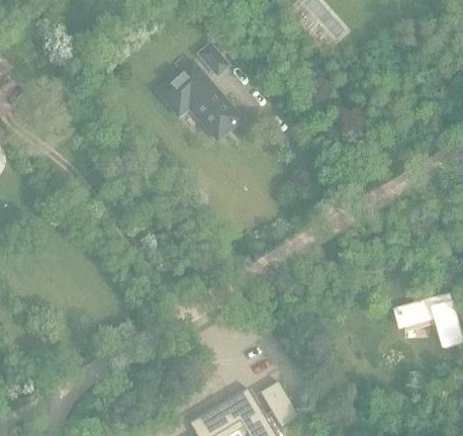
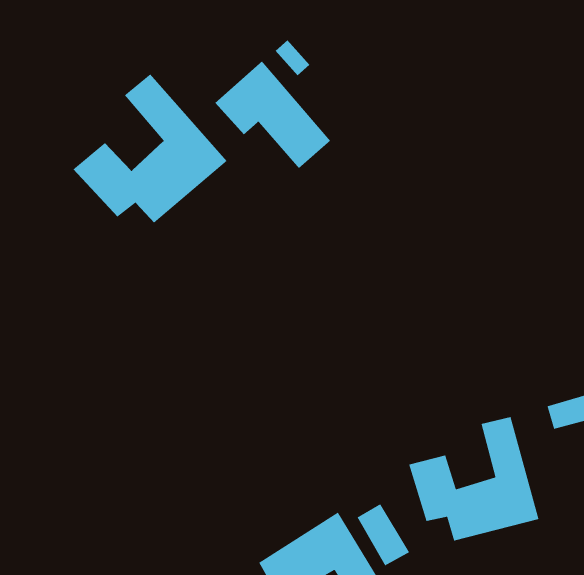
building: none -> [72,73,227,224]
building: none -> [408,416,539,542]

